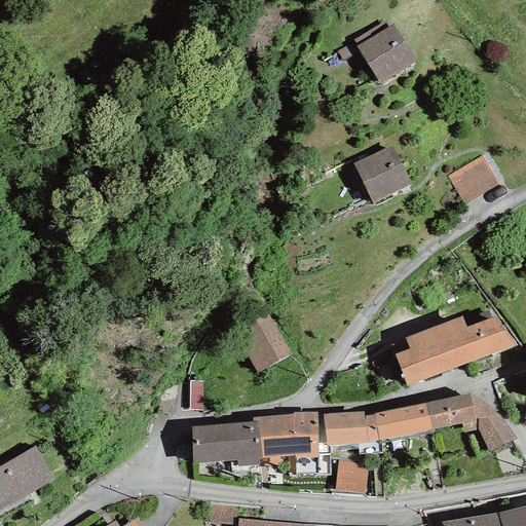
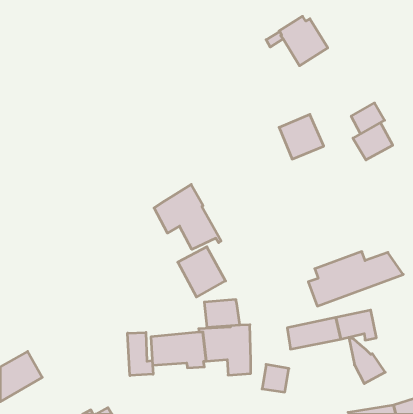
building: none -> [351,103,385,134]
building: none -> [154,184,221,249]
building: [472,392,518,451] -> [349,337,385,384]
building: [325,410,370,445] -> [204,300,240,327]
building: none -> [128,332,153,376]

